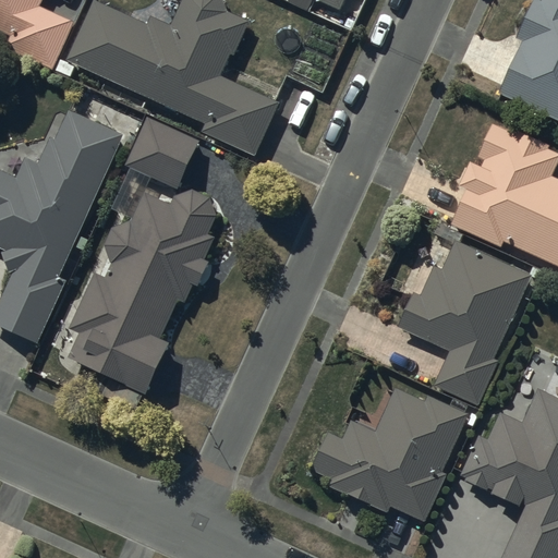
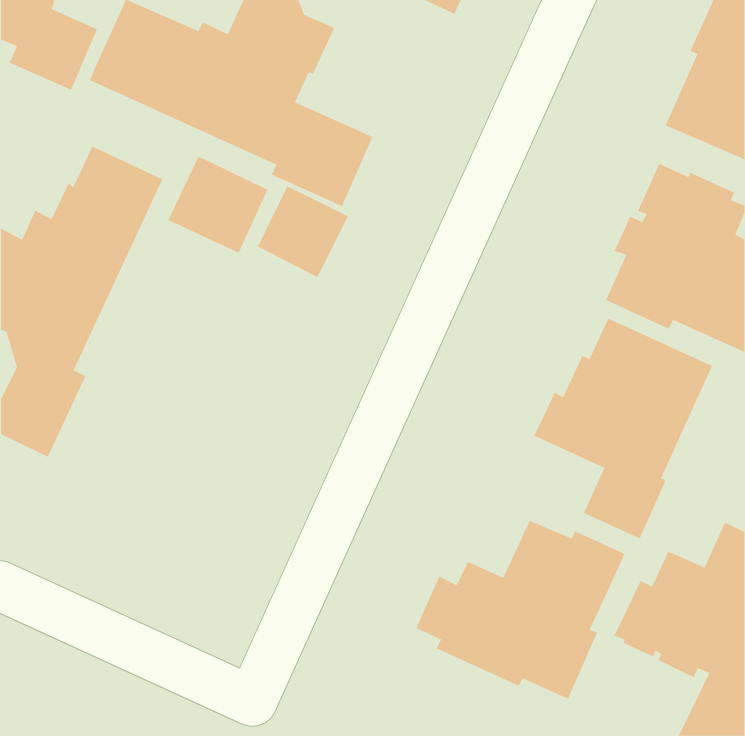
building: none -> [257,186,349,278]
building: [68,189,217,397] -> none

